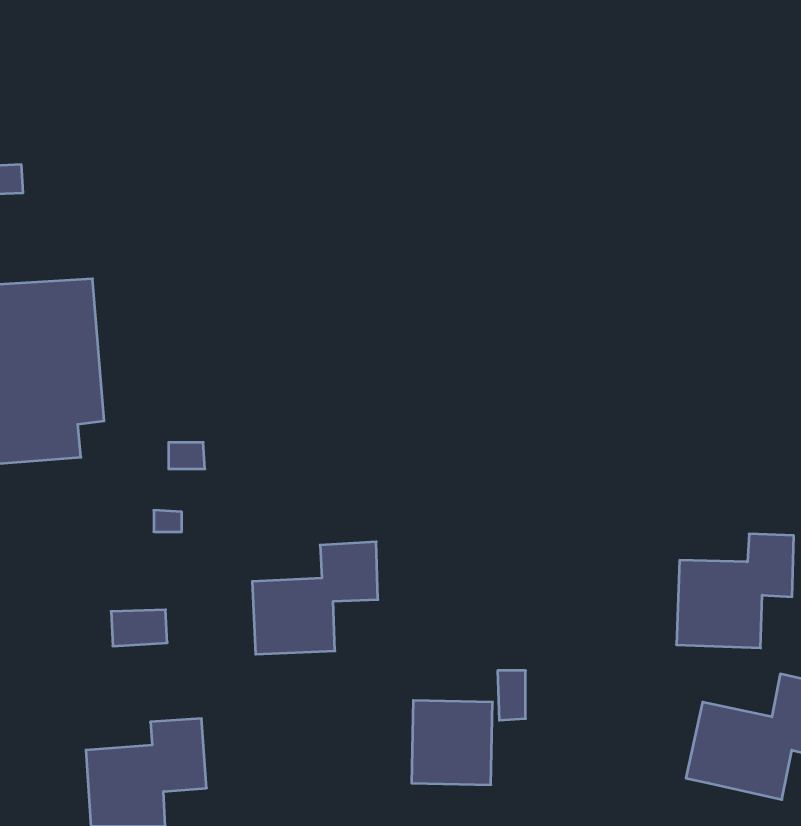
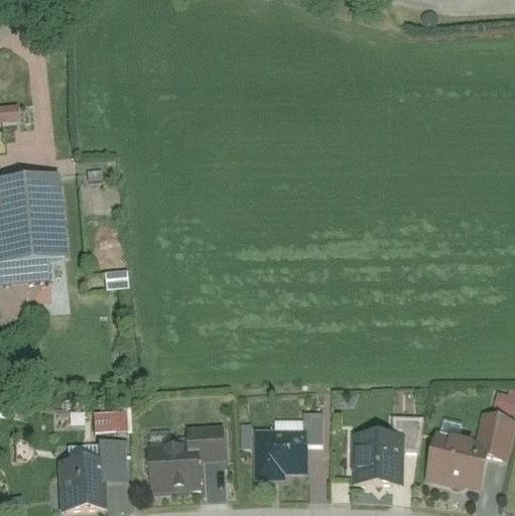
building: [676,534,794,648] -> [352,412,423,482]
building: [252,542,378,654] -> [150,422,227,491]
building: [111,610,167,646] -> [91,410,125,432]

